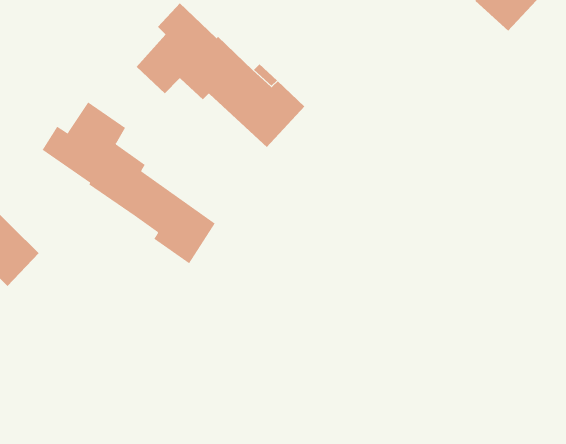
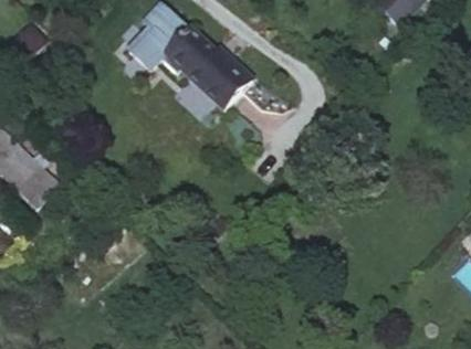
building: [42,102,215,264] -> none

